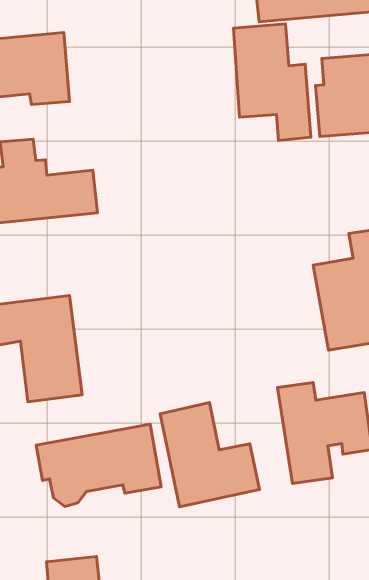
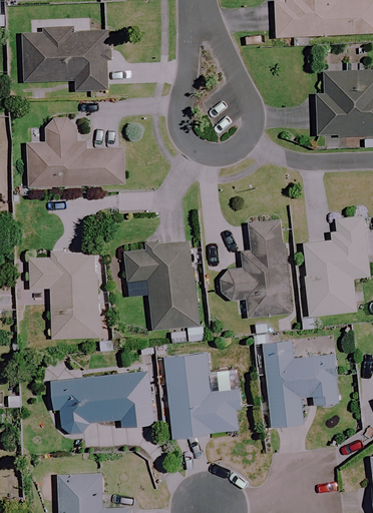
building: [233,24,311,140] -> none
building: none -> [226,214,296,313]
building: none -> [121,241,198,331]

